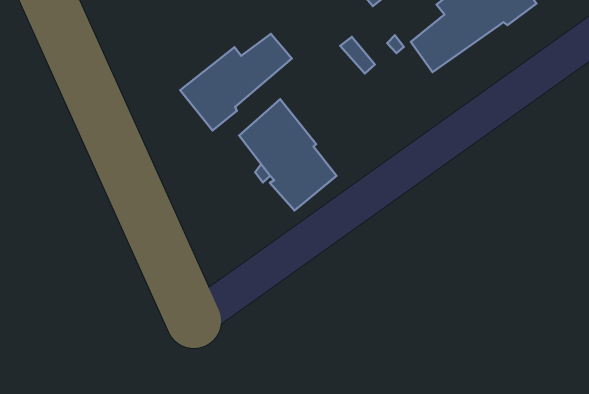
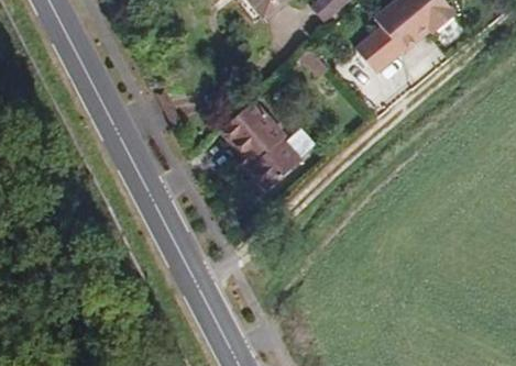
building: [180,34,292,130] -> none

